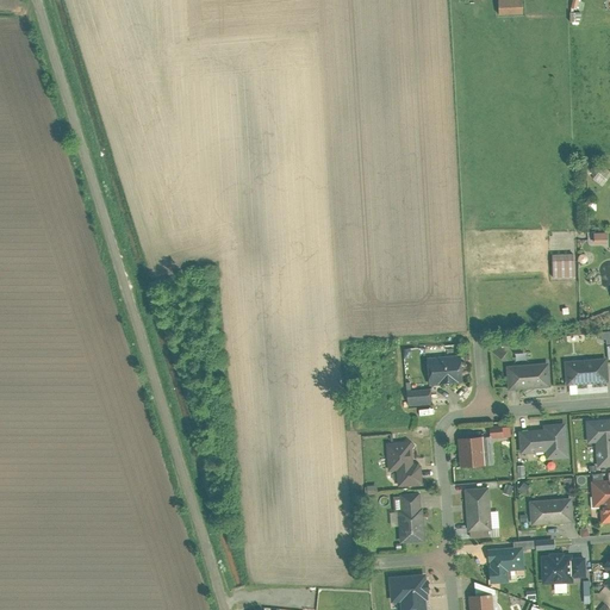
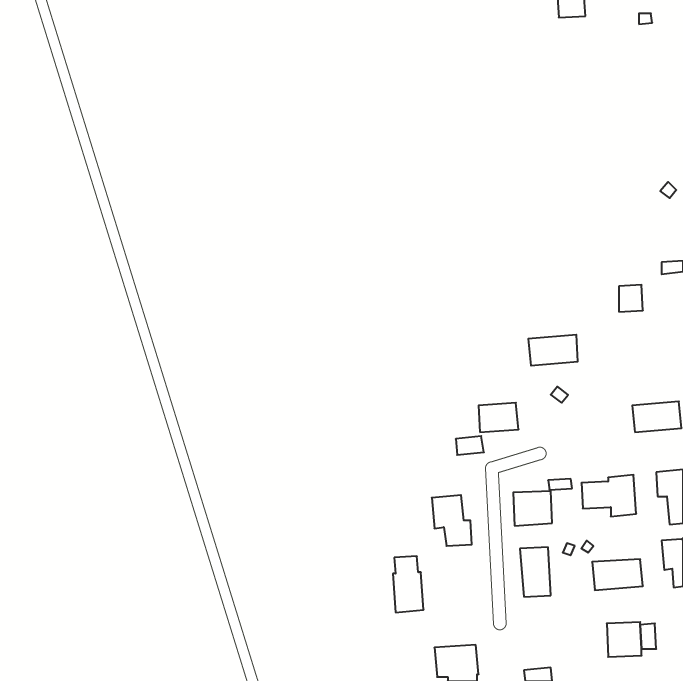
building: [505,362,549,390] -> [528,335,578,366]
building: [397,493,424,543] -> [393,556,424,612]
building: [486,540,533,584] -> none

